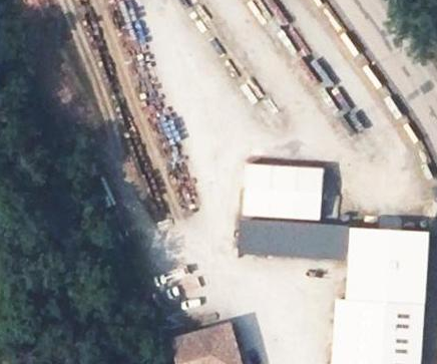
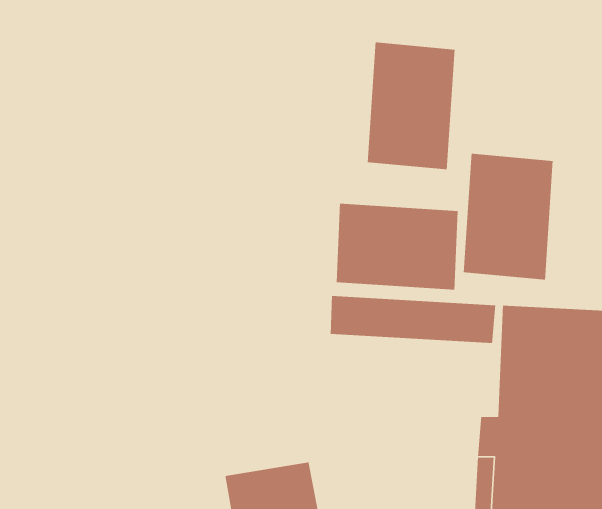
building: none -> [367,42,455,170]
building: none -> [463,153,554,280]

